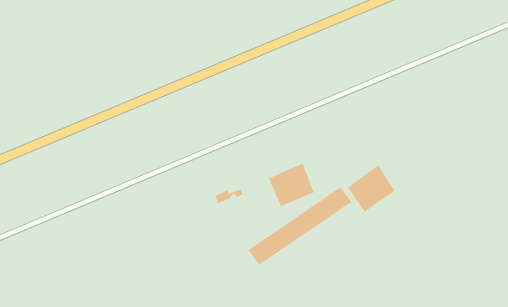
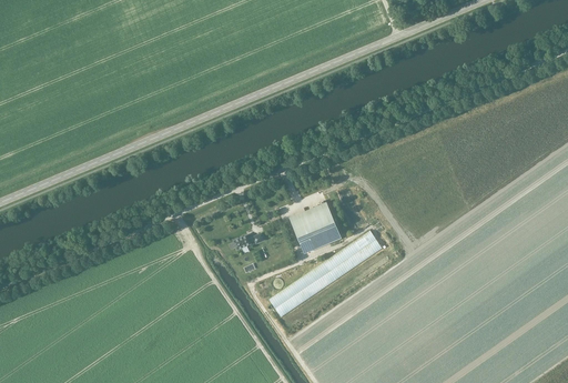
building: [347,165,396,212] -> none

